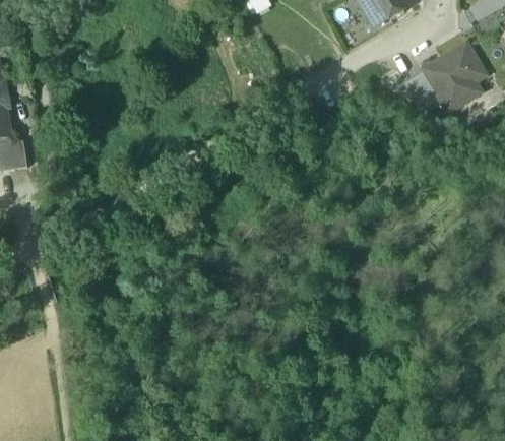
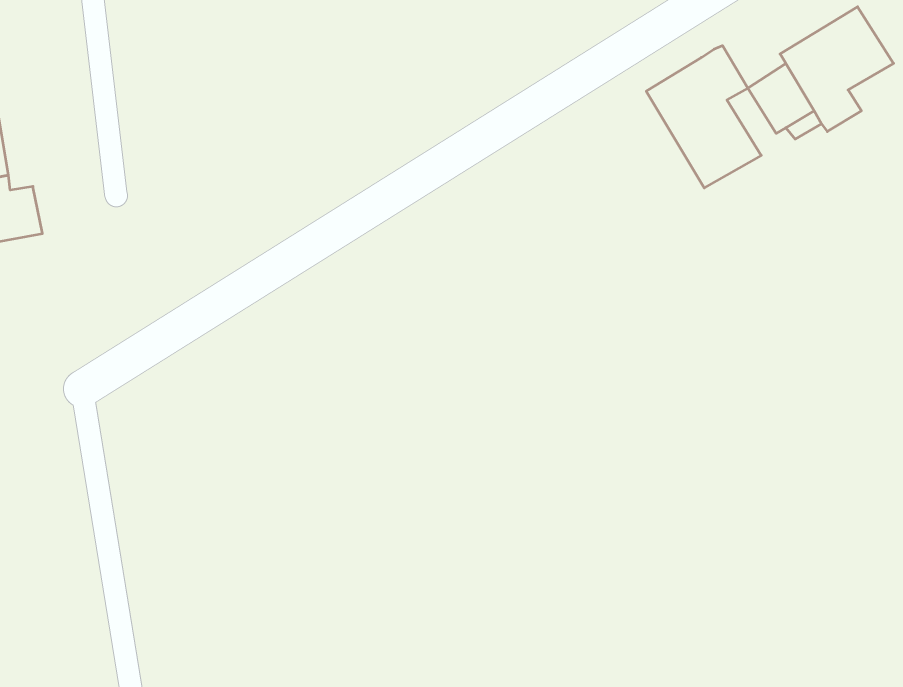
building: none -> [646,46,761,188]

